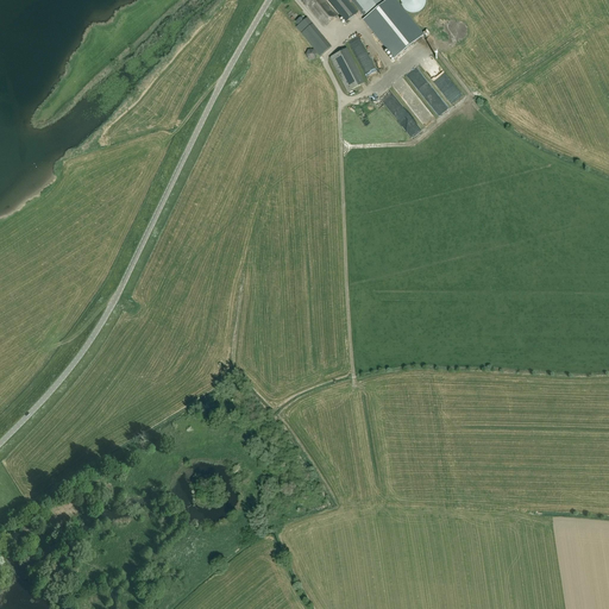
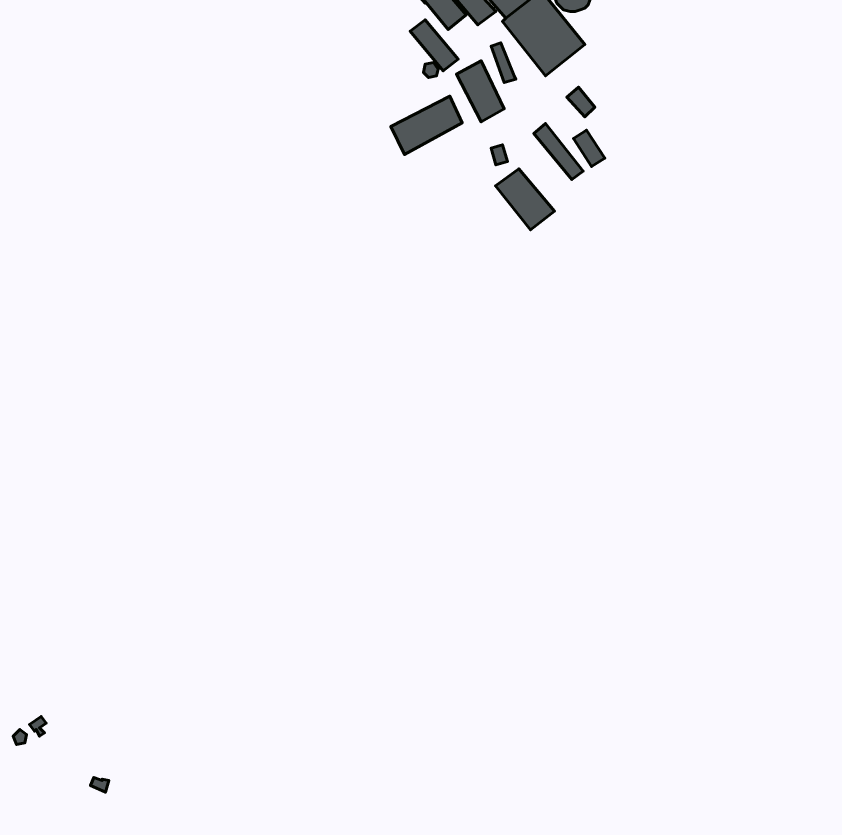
building: none -> [391,96,462,154]
building: none -> [495,169,554,230]

